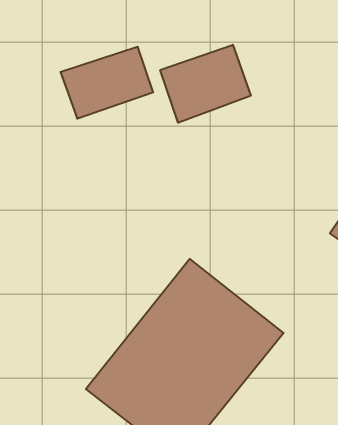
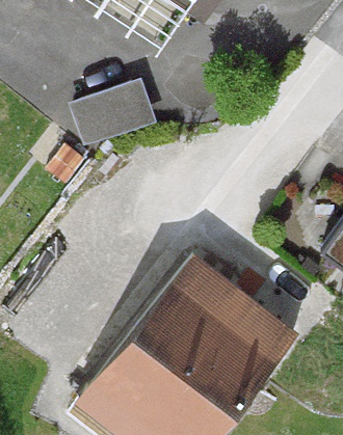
building: [160,45,251,123] -> none

